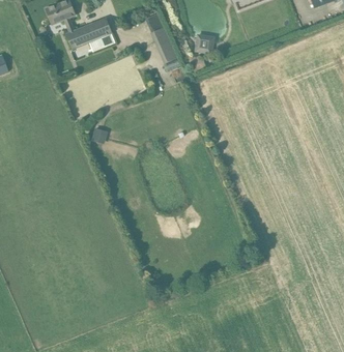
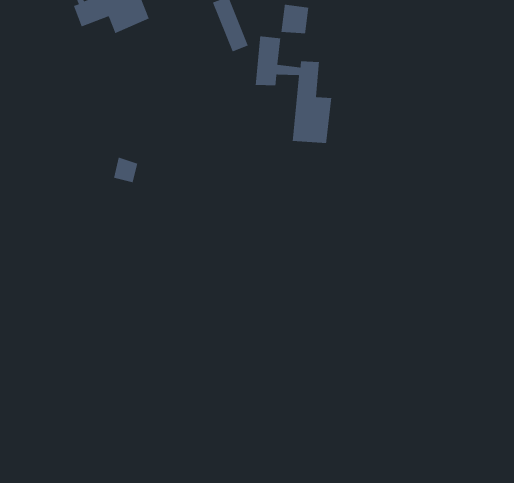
building: none -> [255,35,332,144]

